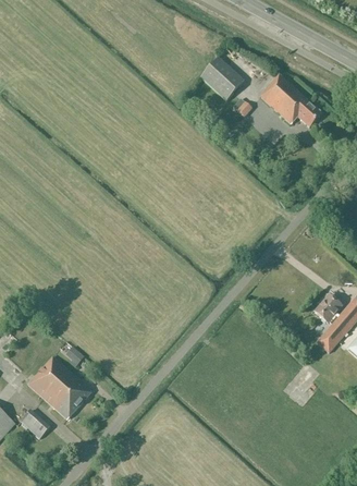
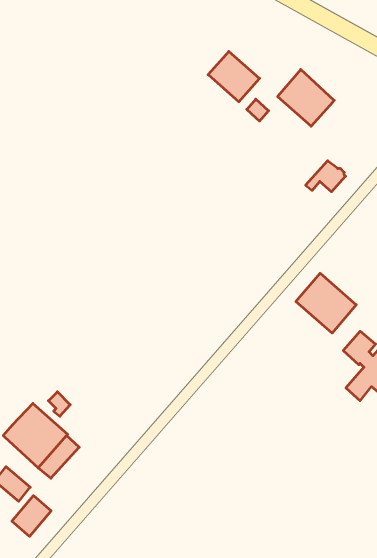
building: [287,99,321,125] -> [306,161,346,192]
building: none -> [296,273,356,333]
building: none -> [12,496,51,536]

